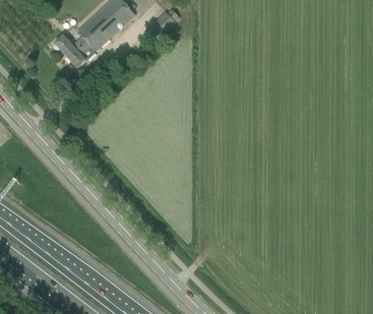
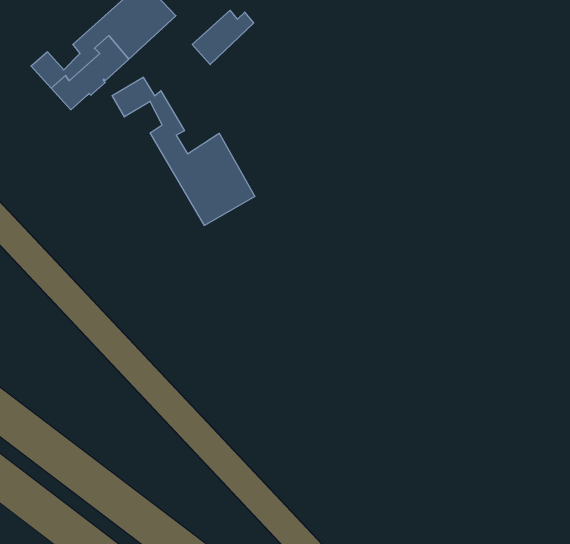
building: none -> [112,77,255,225]

